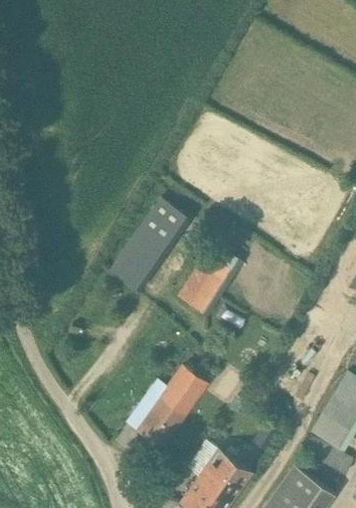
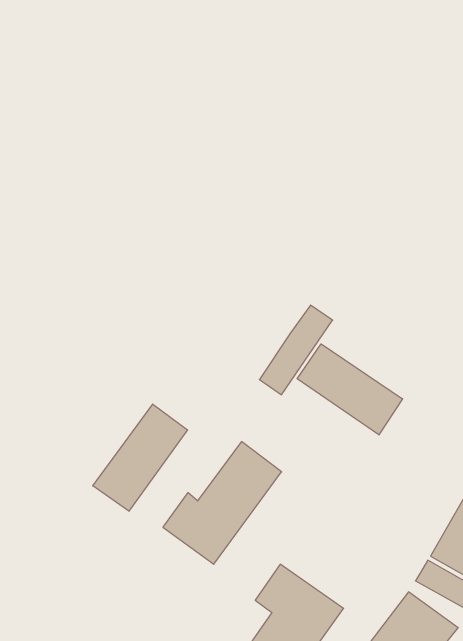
building: [115,203,191,291] -> none
building: none -> [297,344,403,435]
building: none -> [93,404,188,511]

